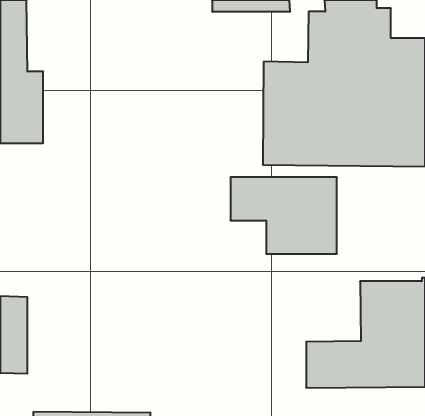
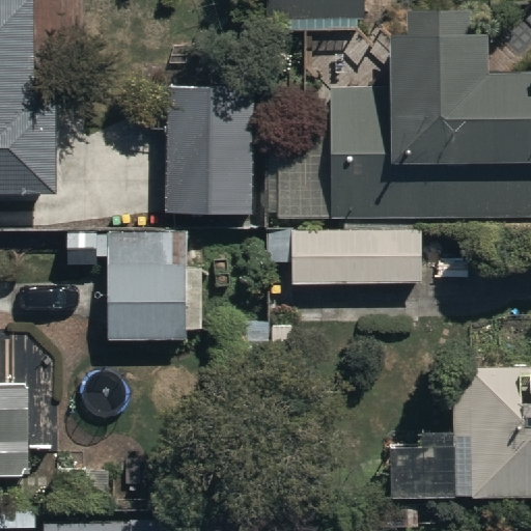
building: none -> [166,85,254,219]
building: none -> [108,264,203,340]

